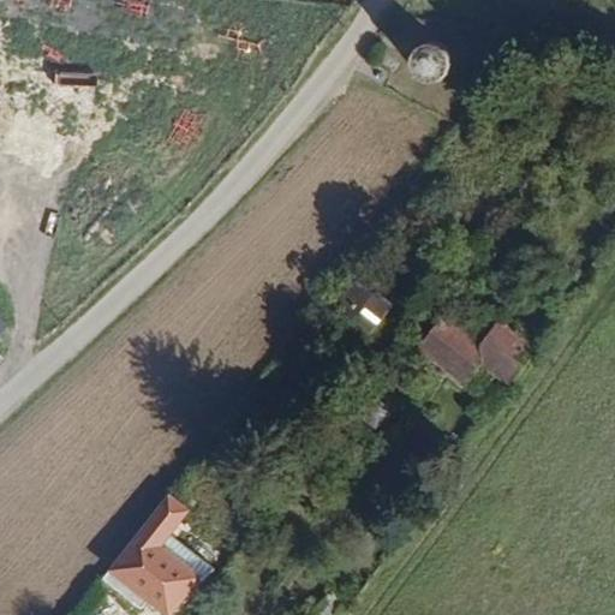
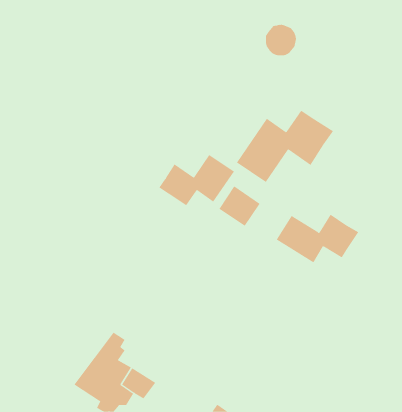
building: none -> [236,110,334,183]
building: none -> [158,154,235,206]

